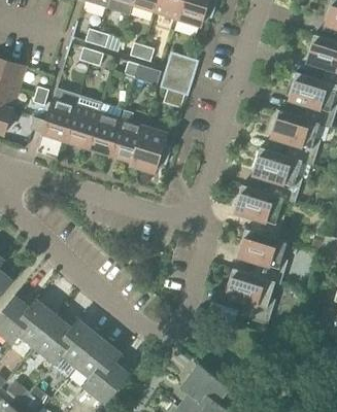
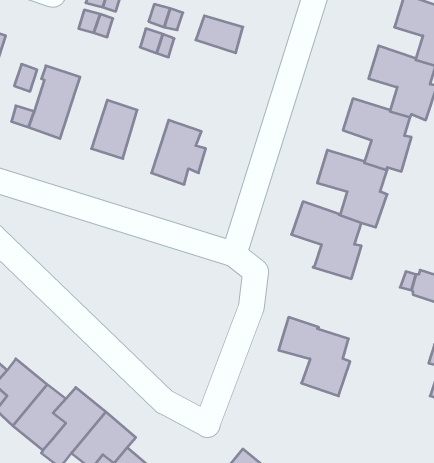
building: [159,69,193,96] -> none
building: [66,96,103,147] -> none
building: [111,110,144,162] -> none
building: [236,230,288,286] -> none

